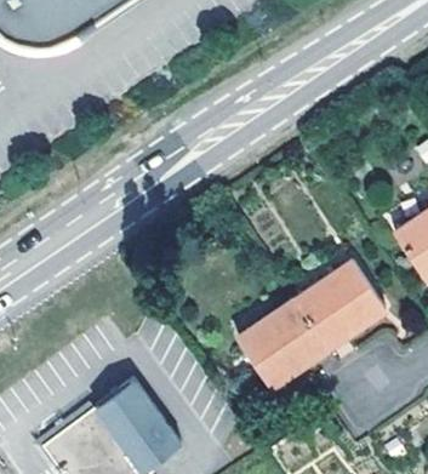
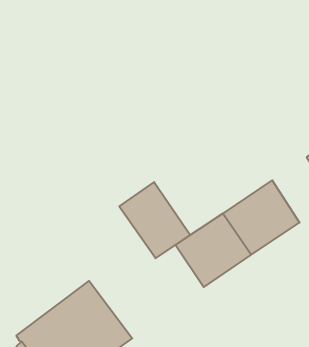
building: none -> [119,182,190,258]

